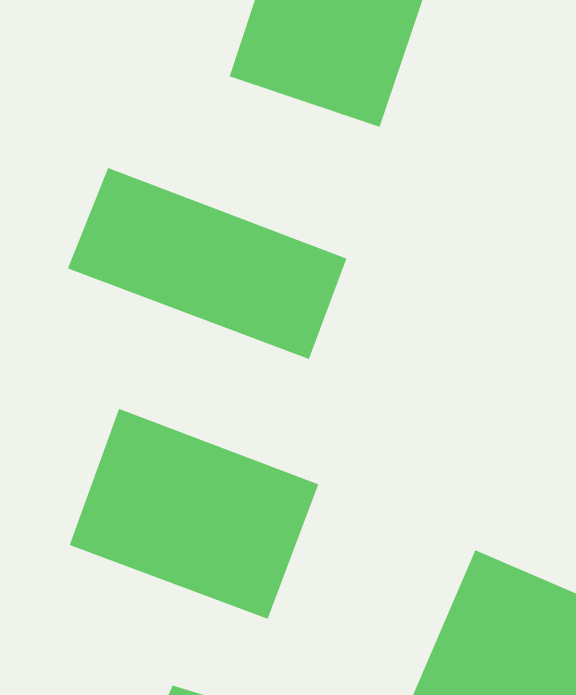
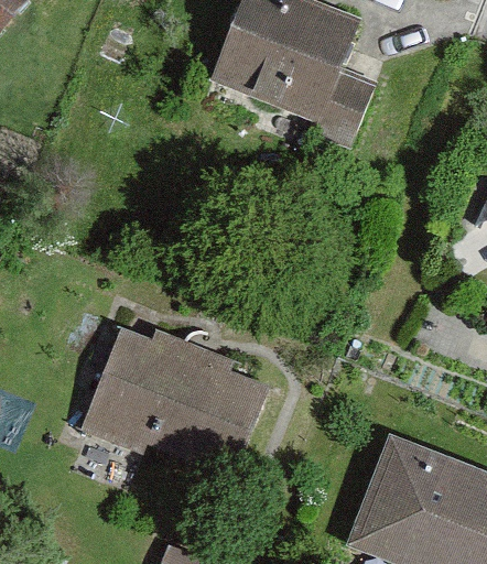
building: [67,167,347,360] -> none

